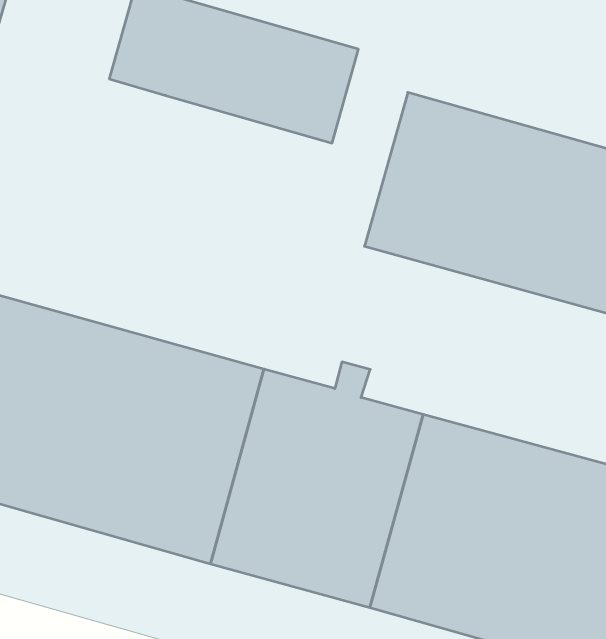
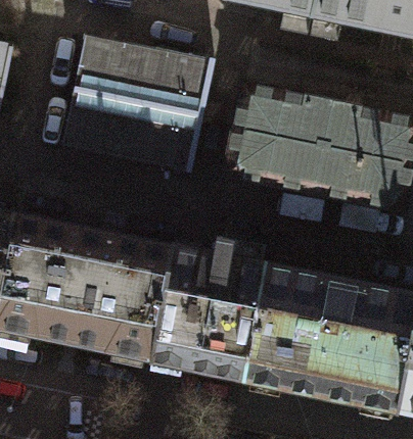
building: none -> [62,90,202,170]

